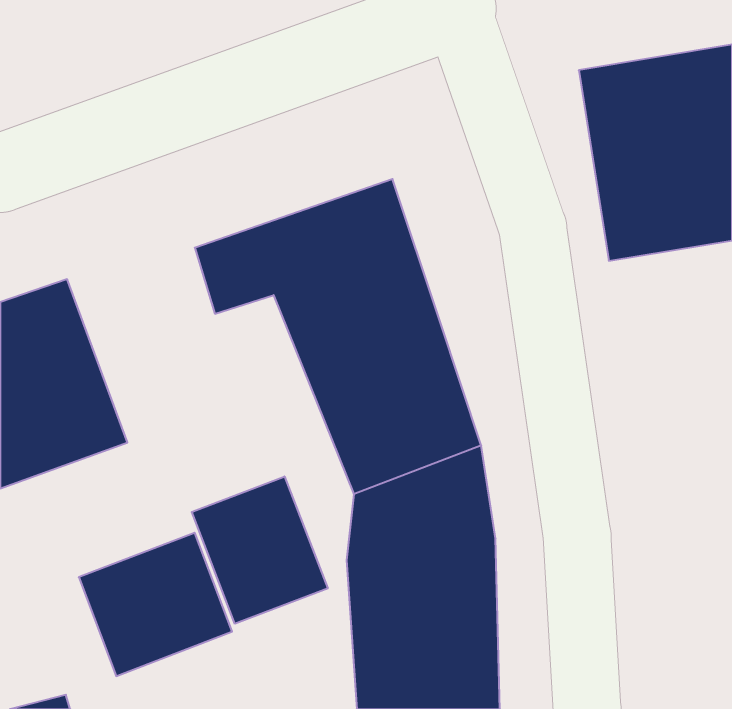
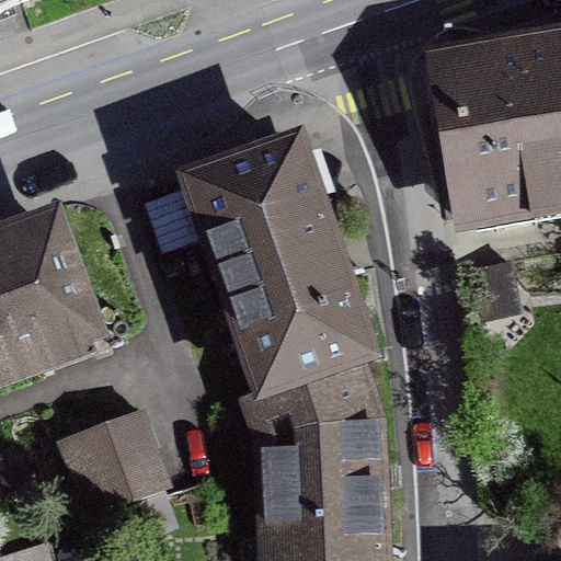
building: [192,476,328,624] -> none

